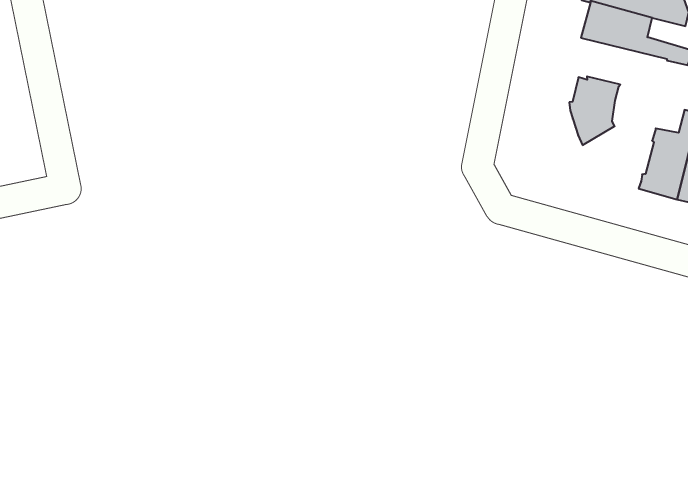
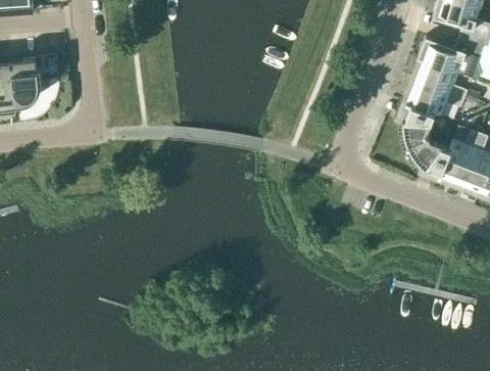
building: none -> [405,81,463,115]
building: none -> [407,136,450,171]

